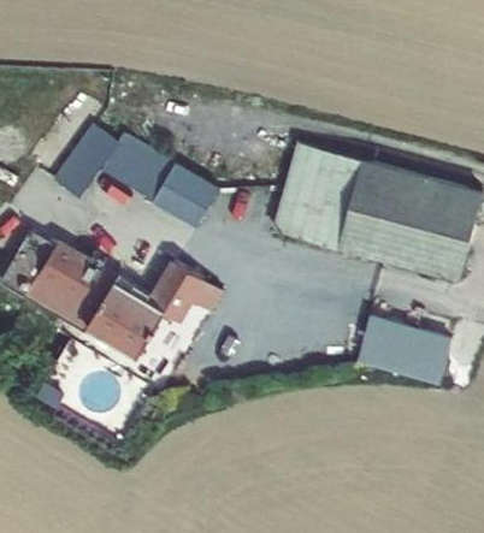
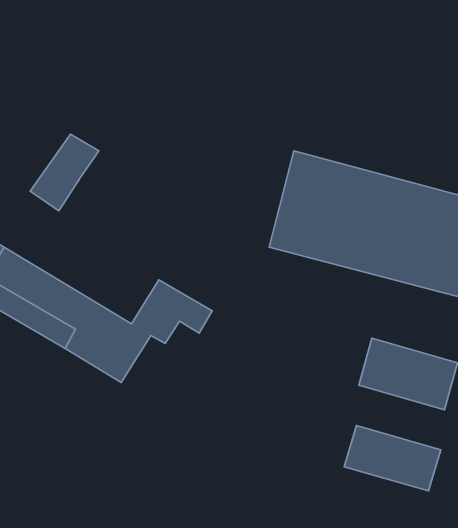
building: [100,136,219,227] -> none
building: none -> [344,426,441,491]

